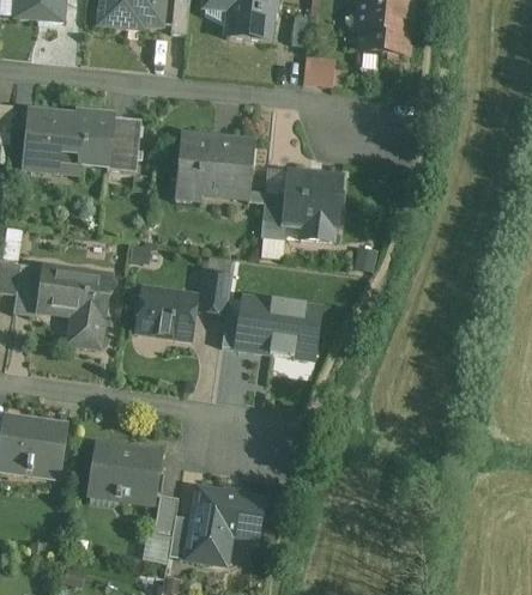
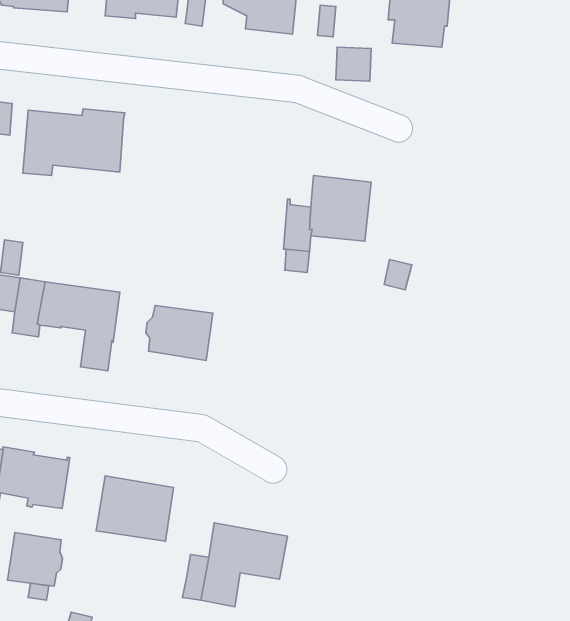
building: [107,119,140,172] -> none
building: [175,130,255,200] -> none
building: [198,272,231,314] -> none
building: [235,291,322,363] -> none
building: [153,494,179,538] -> none
building: none -> [8,533,63,586]

